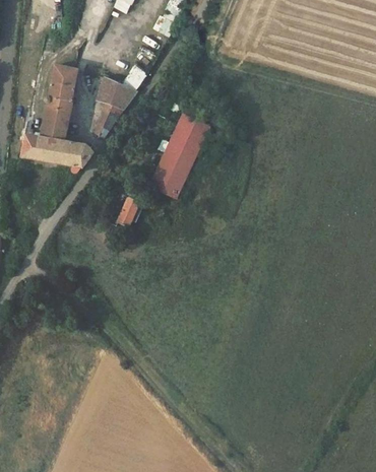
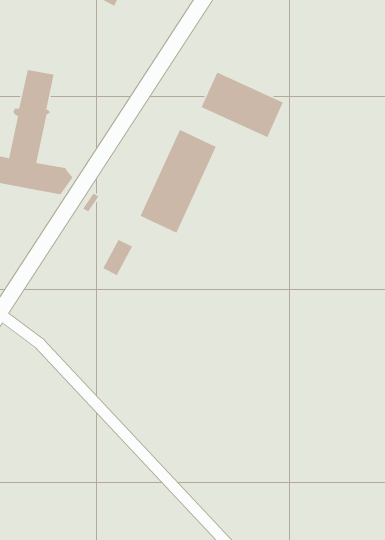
building: none -> [201,71,284,138]
building: [95,76,136,137] -> none

